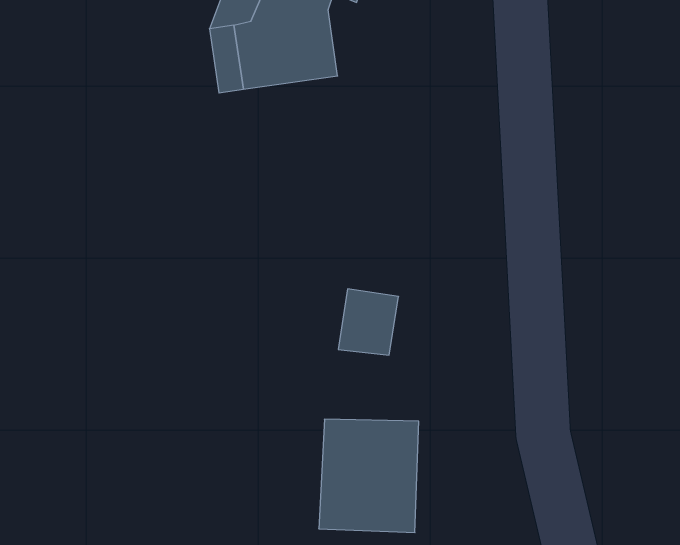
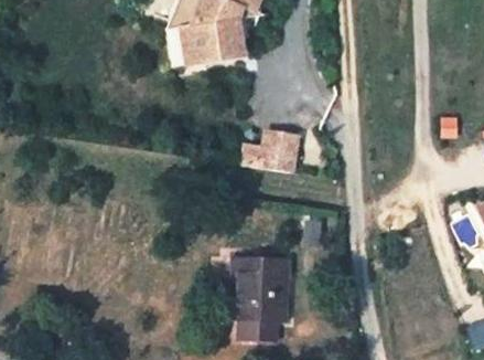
building: [338,289,399,355] -> [262,134,298,172]

